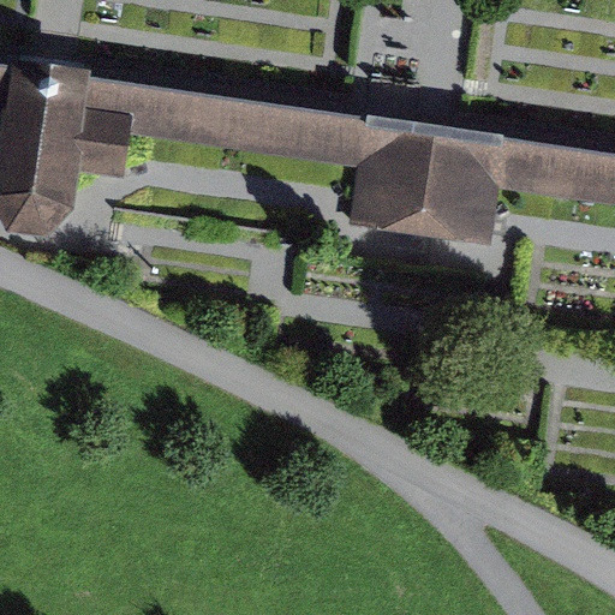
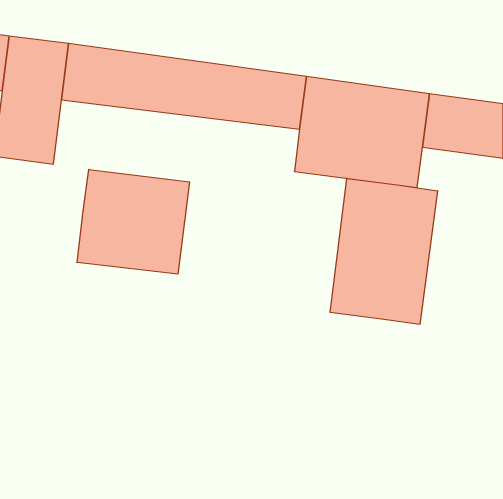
building: none -> [77,169,190,274]
building: none -> [330,178,438,324]

